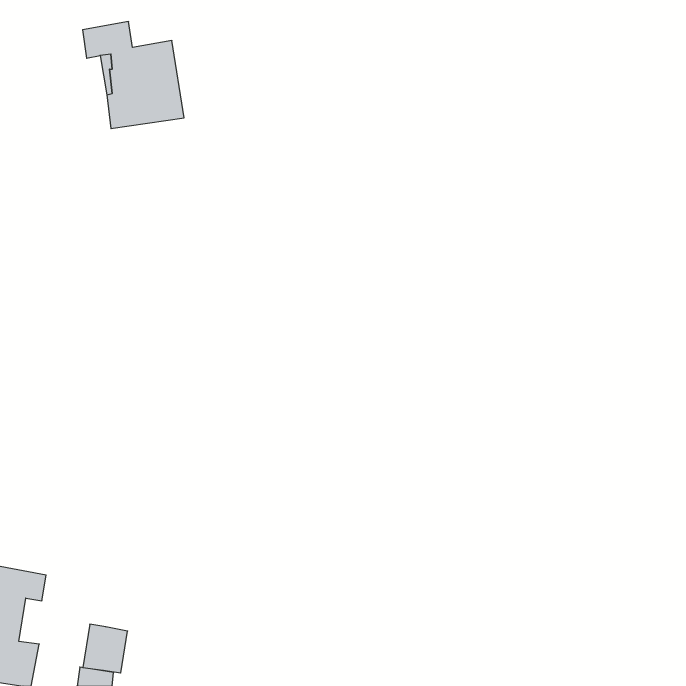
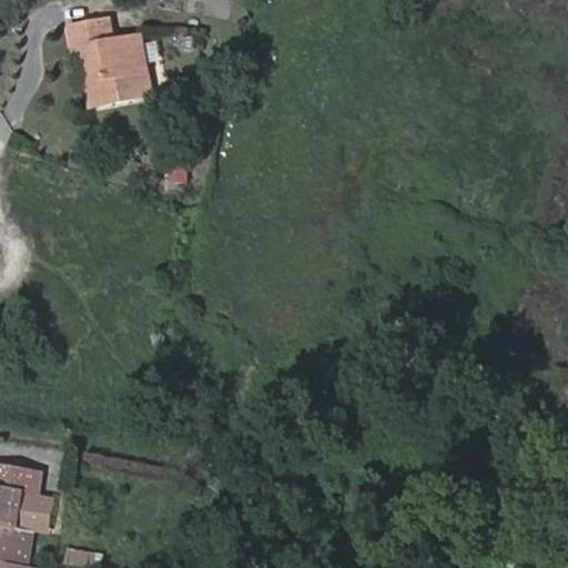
building: [83,624,128,673] -> [16,490,52,530]

